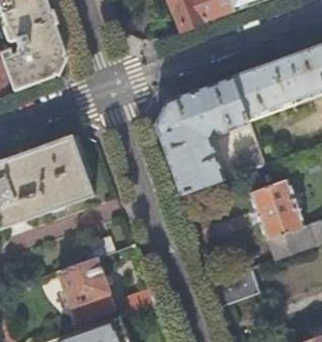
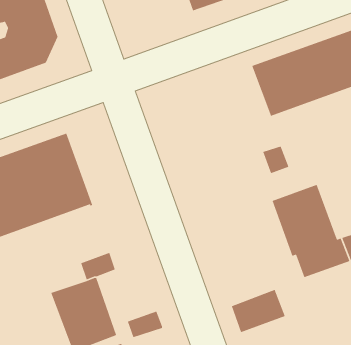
building: [154,77,248,194] -> none

